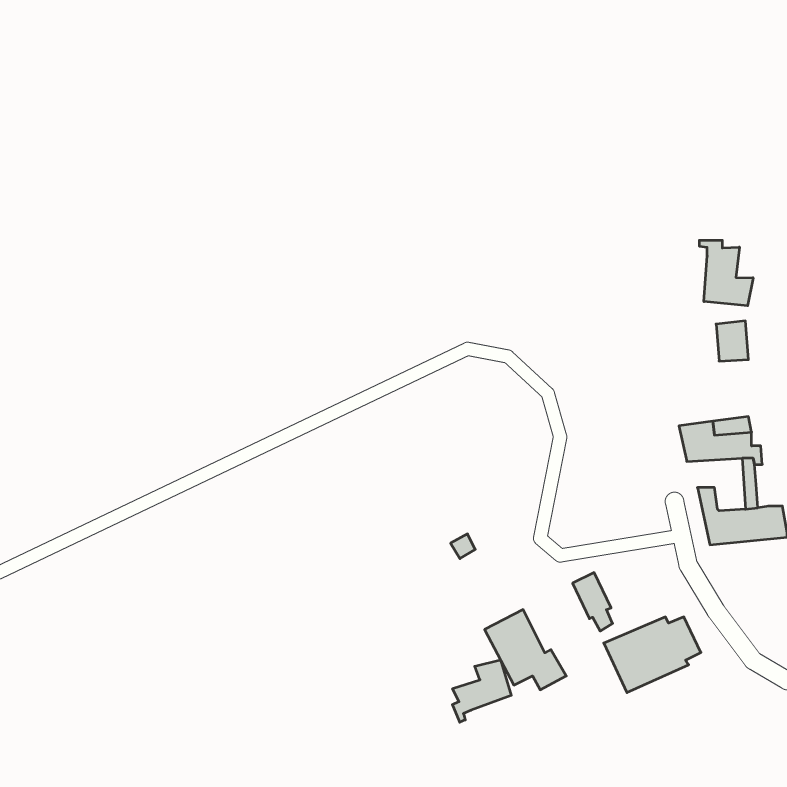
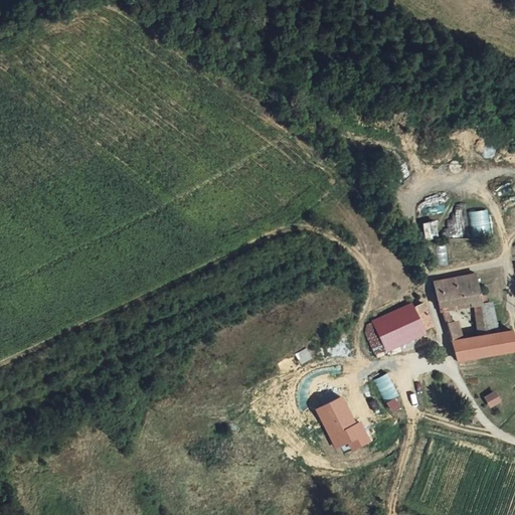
building: [699,240,753,306] -> none
building: [604,617,701,693] -> [371,304,435,353]
building: [452,660,511,722] -> none

